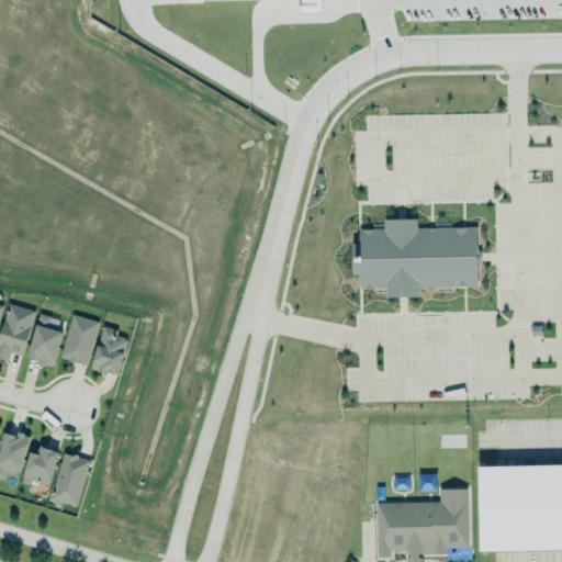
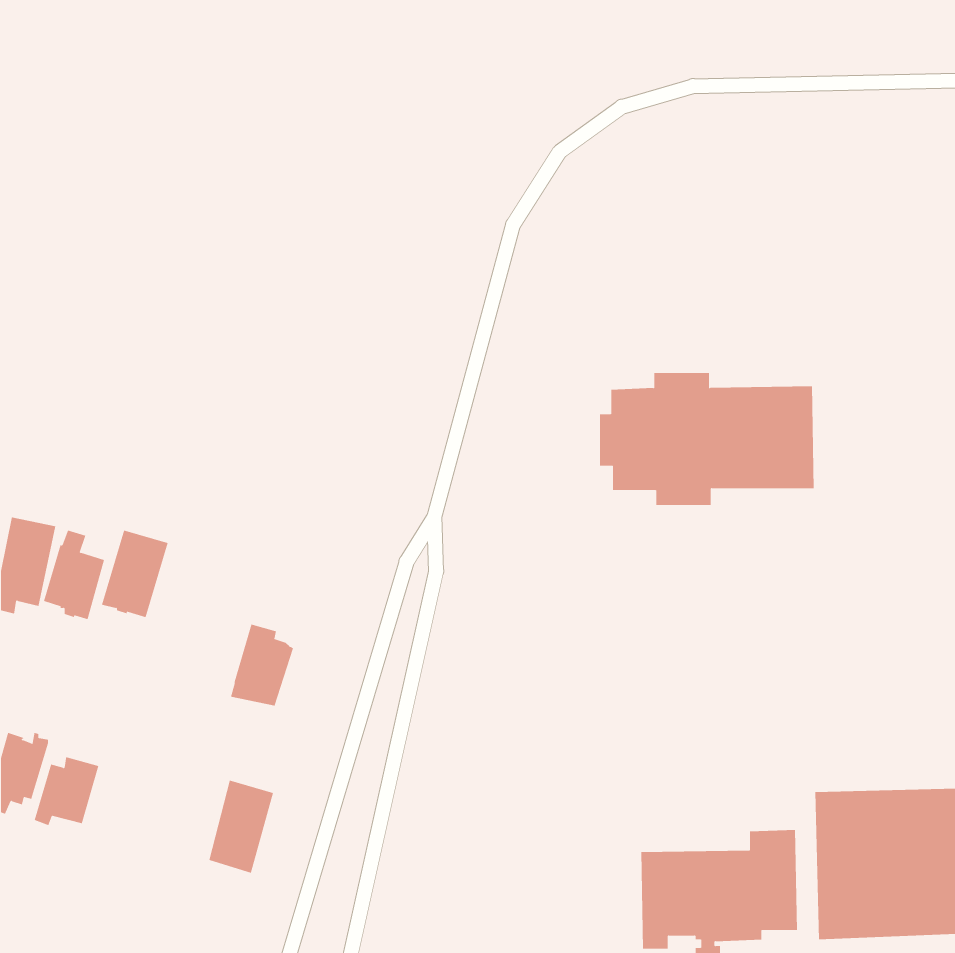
building: [91,325,128,373] -> [230,624,294,706]
building: [52,453,90,508] -> [208,780,274,873]

